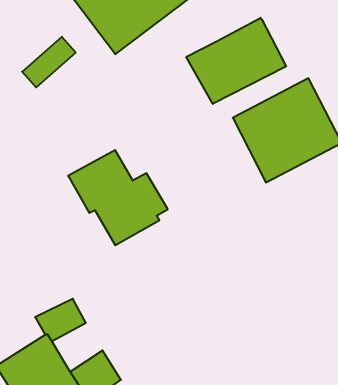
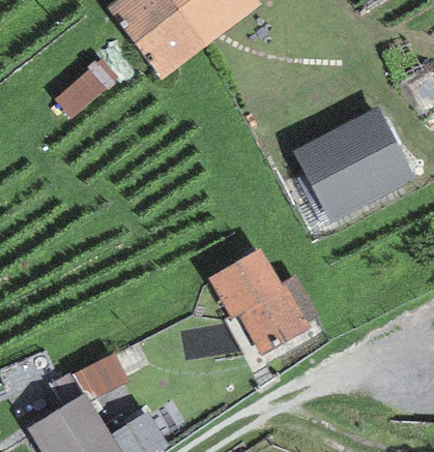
building: [186,18,286,104] -> none
building: [68,150,168,245] -> [207,248,319,355]

